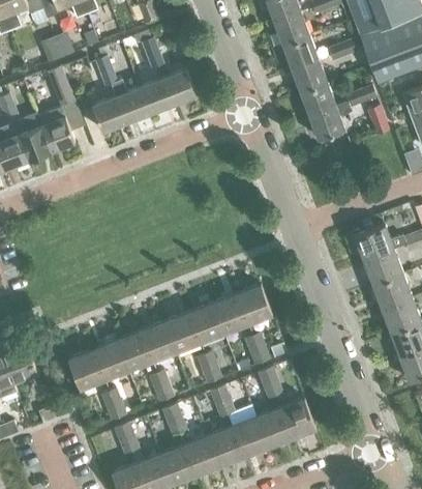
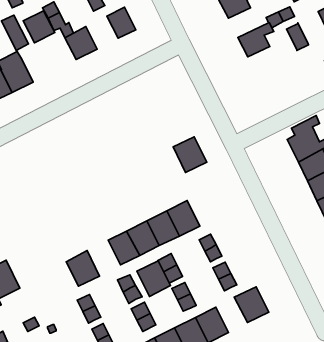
building: [141,78,176,114] -> none
building: [302,84,336,116] -> none
building: [92,97,126,133] -> [23,11,55,43]
building: [236,285,272,324] -> [173,137,207,172]
building: [118,330,154,370] -> [137,261,171,297]
building: [67,350,104,390] -> none
building: [257,408,291,448] -> none

